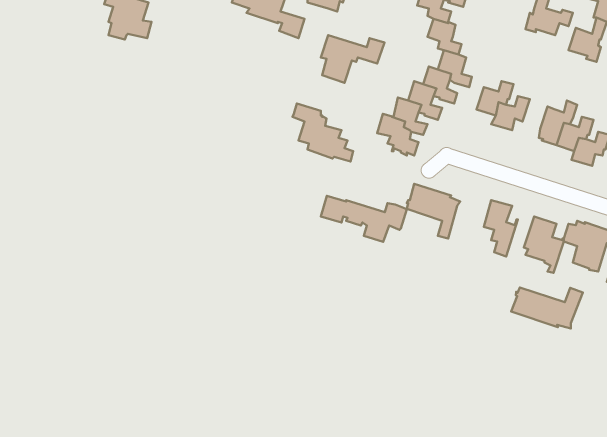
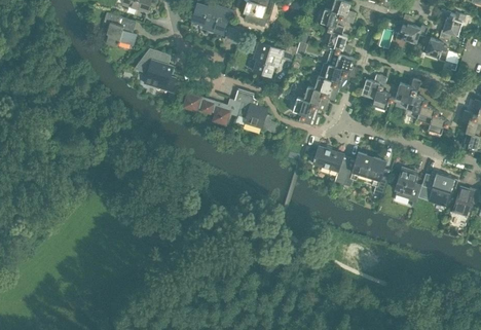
building: none -> [136,47,176,91]
building: none -> [393,77,420,107]
building: none -> [341,152,371,185]
building: [321,196,407,242] -> [182,93,242,124]
building: [511,287,583,328] -> none

